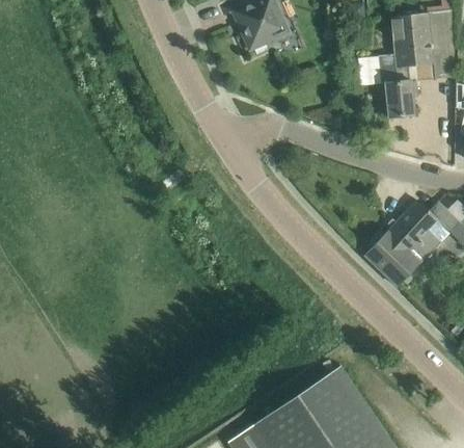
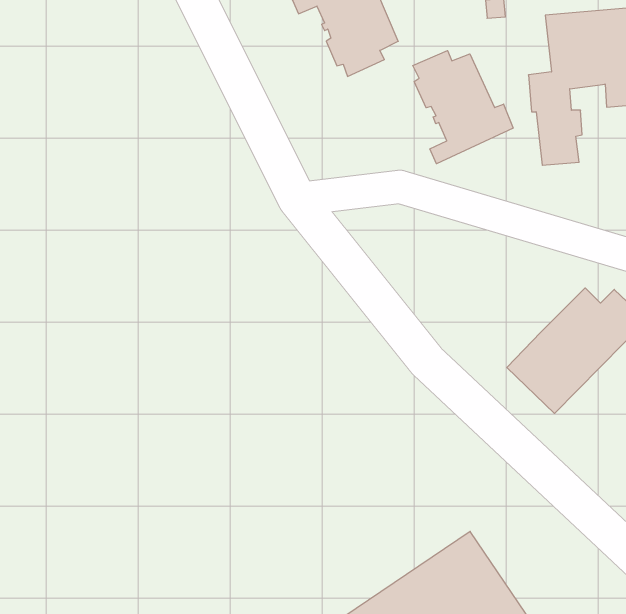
building: none -> [413,51,513,164]

